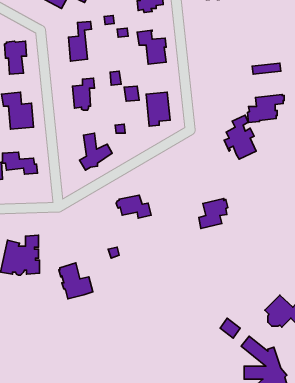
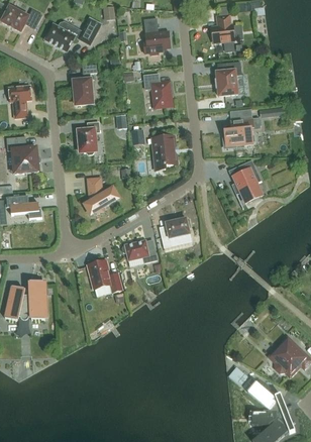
building: none -> [216,61,241,95]
building: [247,94,284,122] -> [223,118,261,146]
building: [199,199,228,229] -> [162,217,191,247]
building: [59,263,93,299] -> [88,259,122,296]

